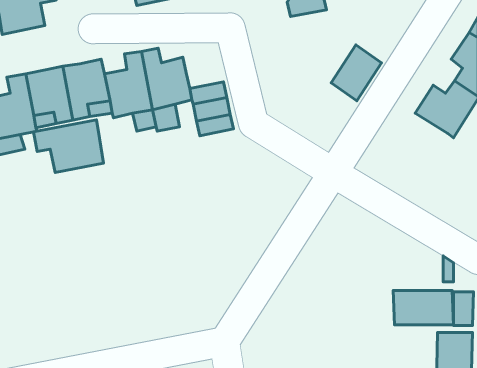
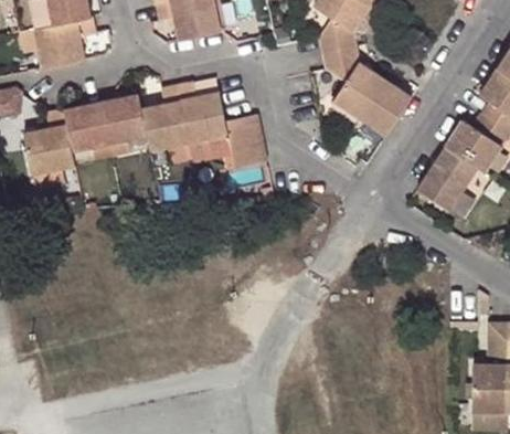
building: none -> [325,45,389,117]
building: none -> [418,147,479,210]
building: [34,120,104,172] -> none
building: [393,290,453,325] -> none

